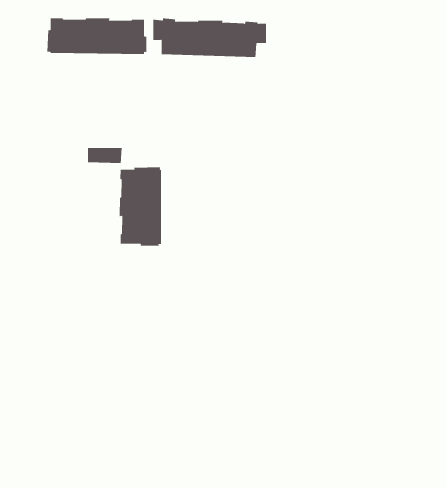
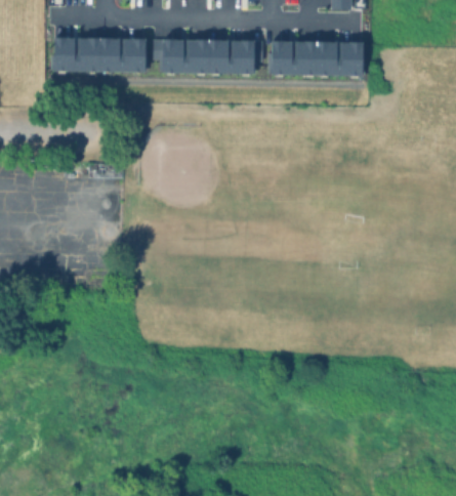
building: none -> [268,41,364,76]
building: [119,167,162,246] -> none

